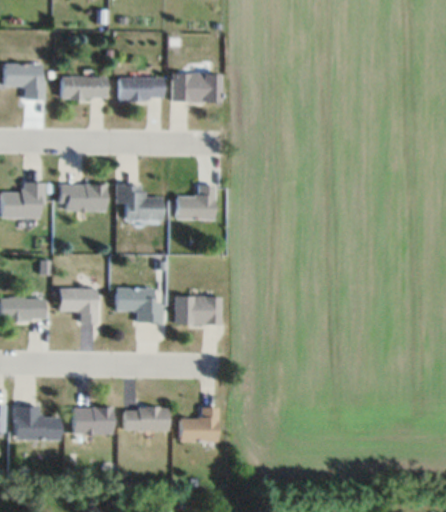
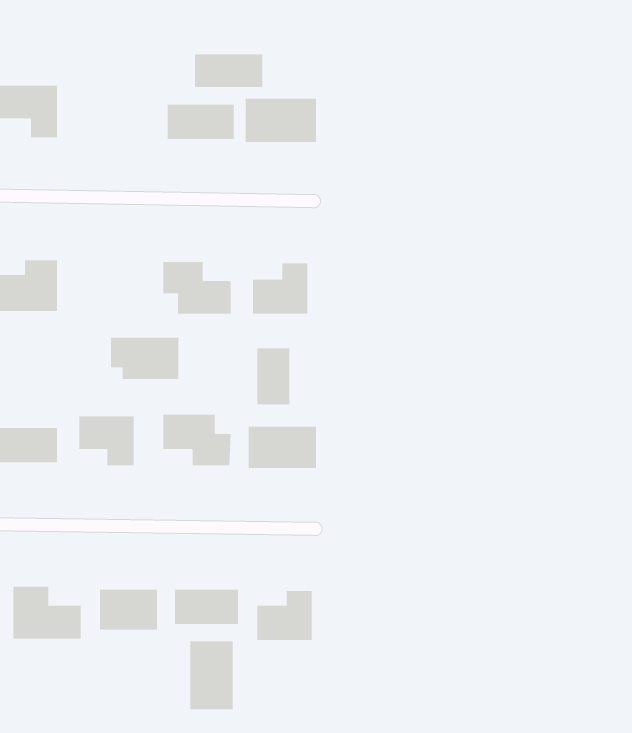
building: [61,77,108,100] -> [194,54,263,88]
building: [59,183,106,212] -> [110,337,179,380]
building: none -> [257,348,290,405]
building: none -> [190,641,233,710]

